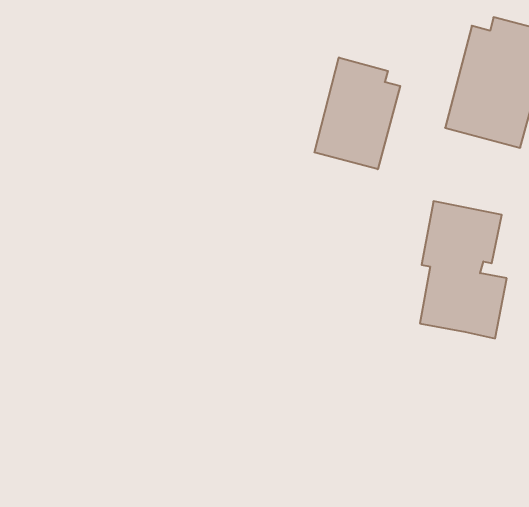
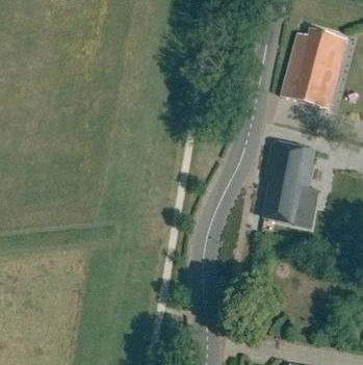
building: [314,57,400,169] -> none

